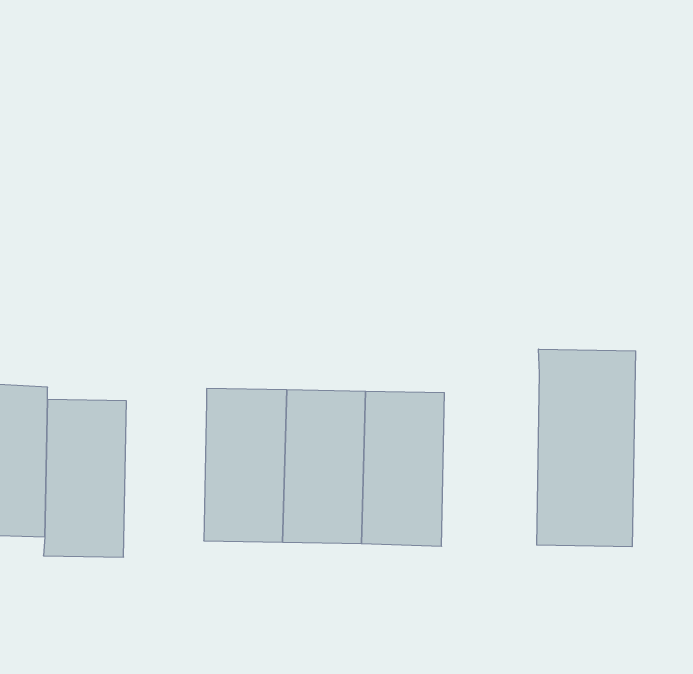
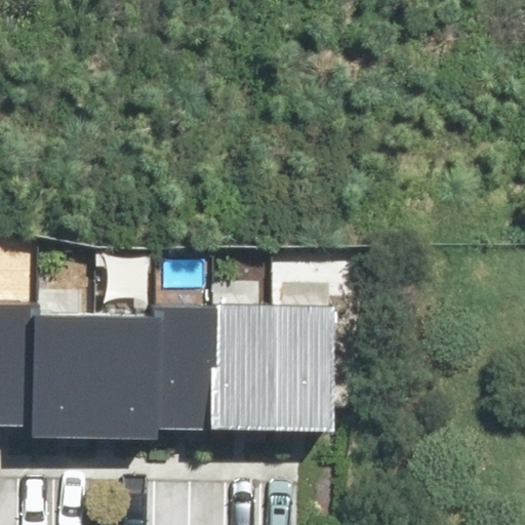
building: [537,349,636,547] -> none
building: none -> [93,318,156,438]

